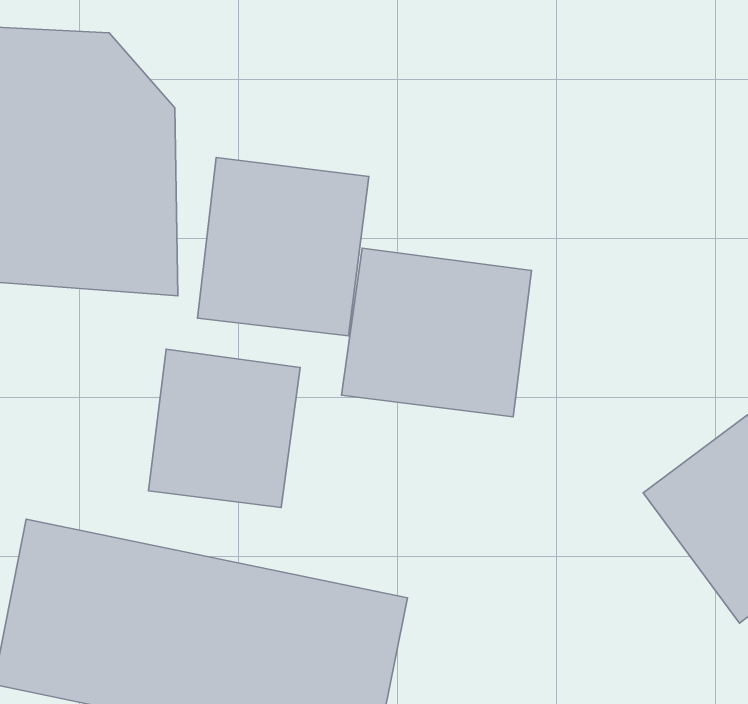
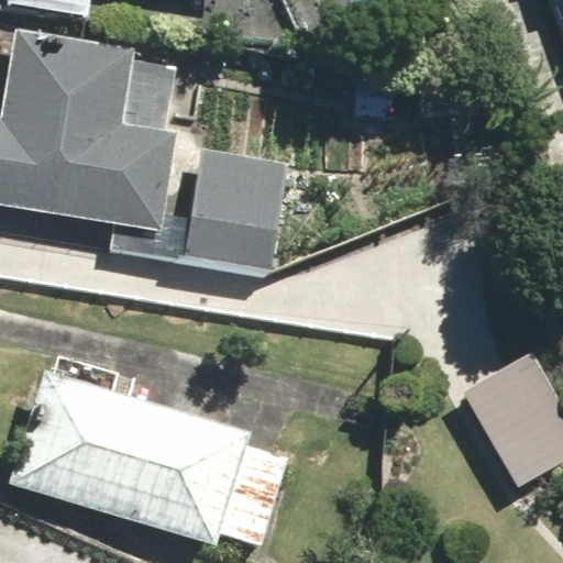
building: [342,248,531,417] -> none
building: [148,349,300,507] -> none

